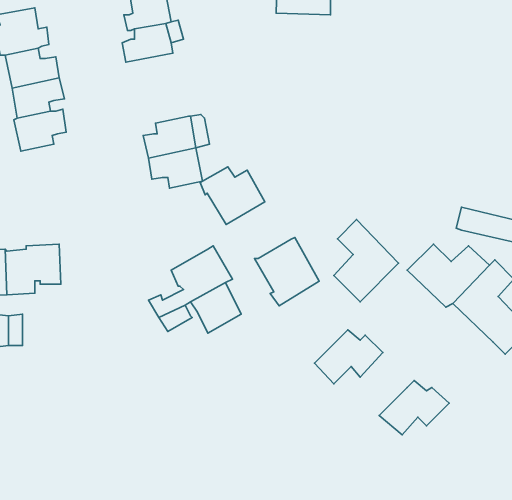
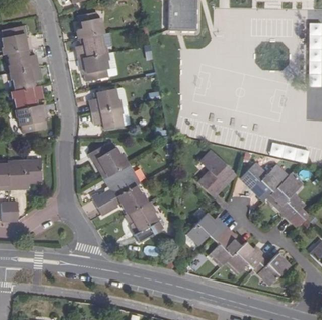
building: none -> [78,52,108,80]
building: none -> [17,103,48,133]
building: [200,167,265,225] -> [89,144,127,177]
building: [255,237,319,306] -> [124,202,161,241]
building: none -> [210,225,241,264]
building: none -> [252,252,290,284]

